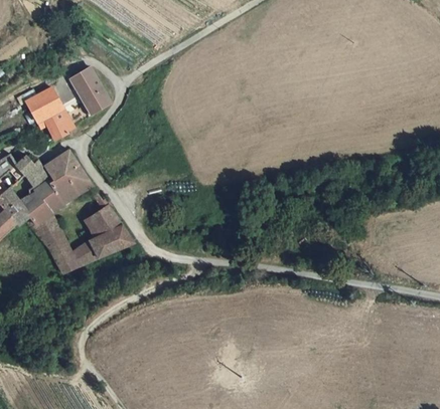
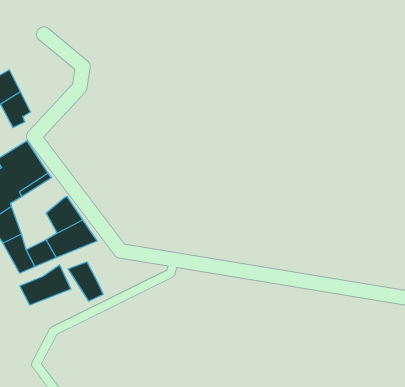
building: [69,66,110,116] -> none
building: none -> [68,262,103,301]
building: none -> [20,265,71,305]

